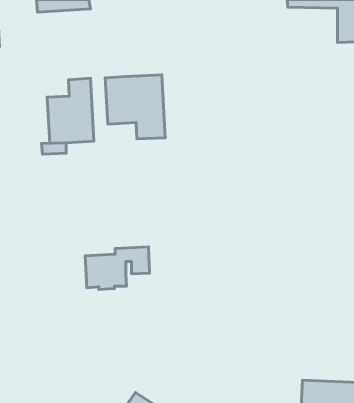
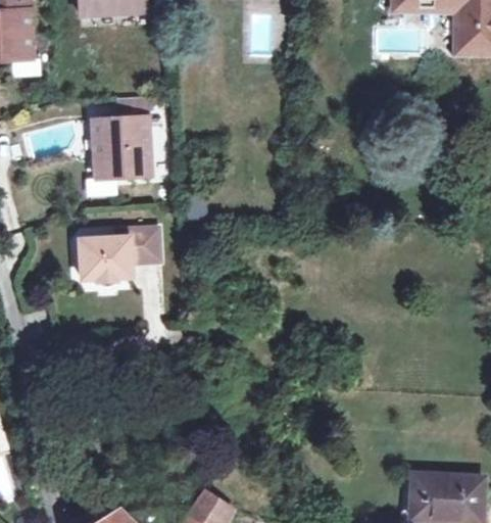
building: [105,75,165,139] -> none
building: [85,247,149,289] -> [79,231,159,284]

